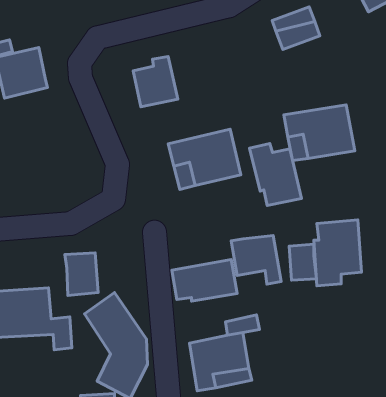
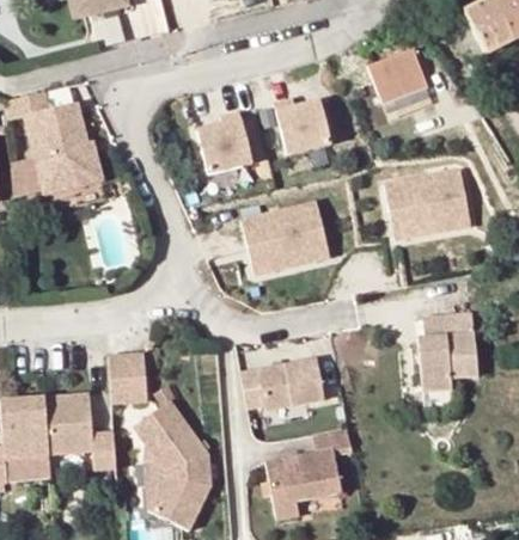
building: none -> [271,97,328,154]
building: none -> [37,148,104,191]
building: [250,144,301,206] -> none
building: [231,235,281,284] -> none
building: [289,244,316,280] -> none

